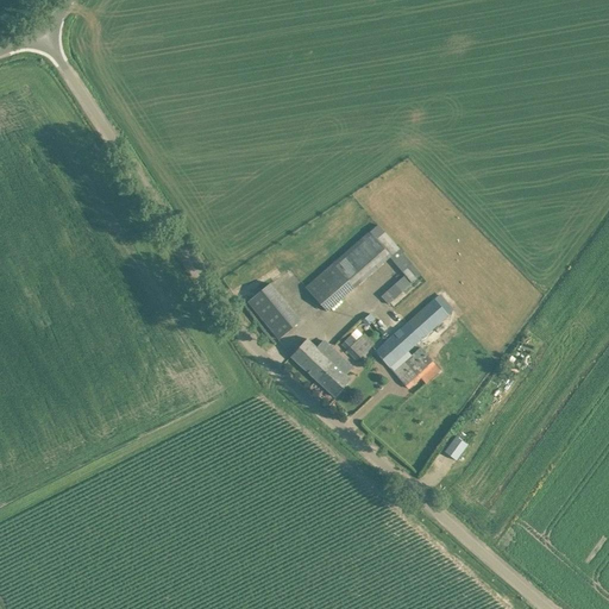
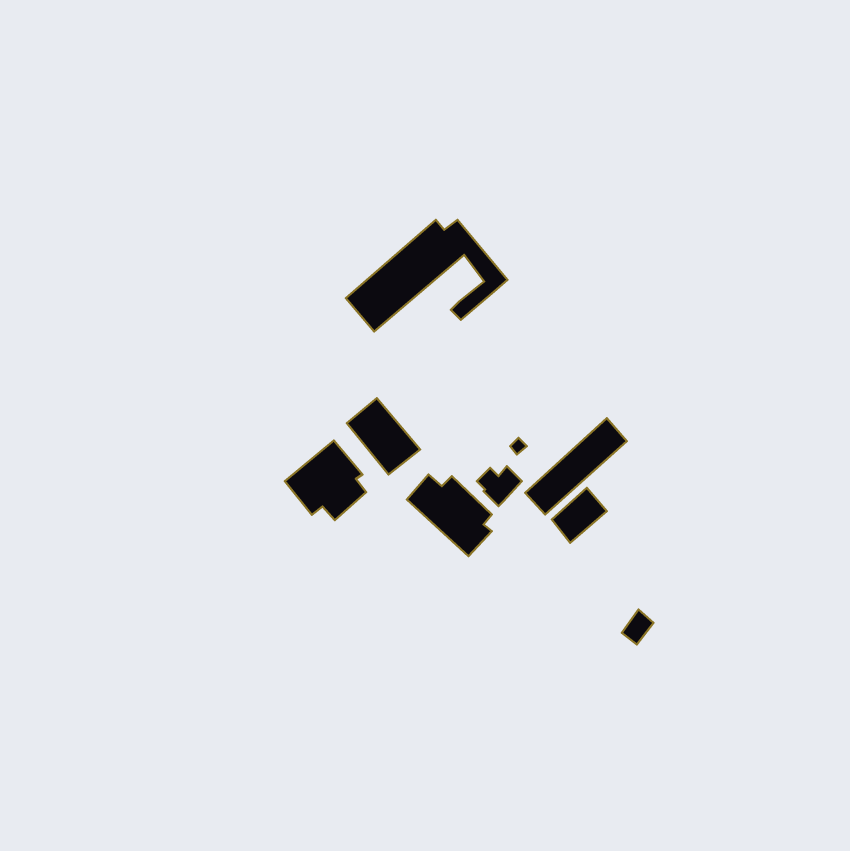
building: [304,232,420,312] -> [346,220,508,332]
building: none -> [285,441,366,520]

